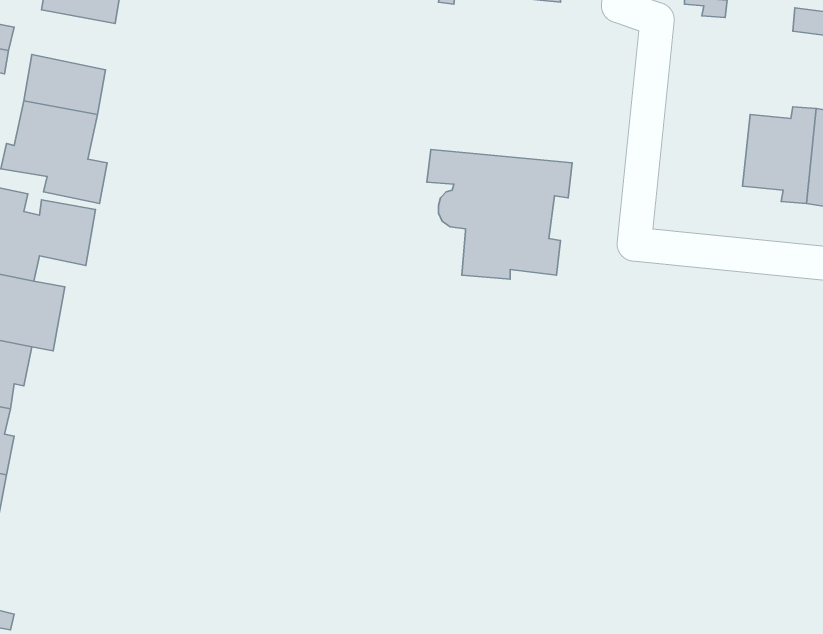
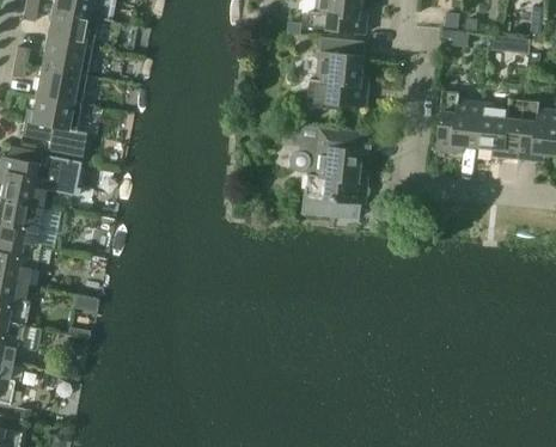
building: none -> [306,38,368,111]
building: none -> [39,39,91,76]
building: none -> [436,92,483,152]

